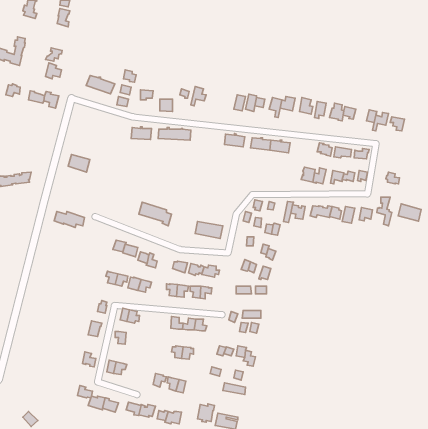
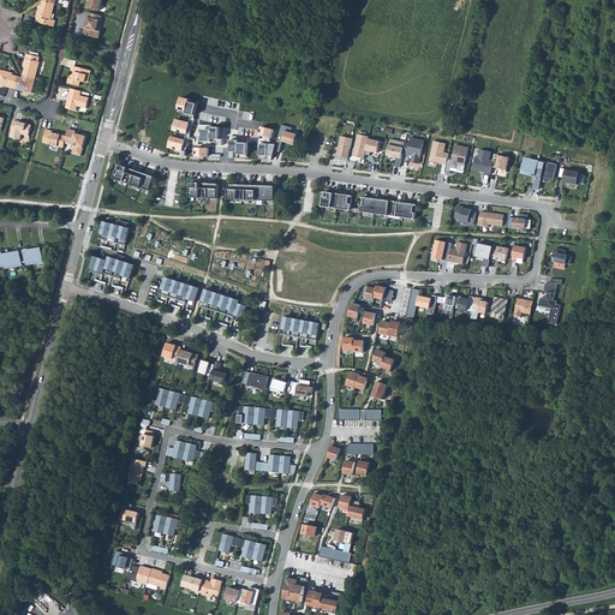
building: [86,75,115,94] -> [112,165,153,191]
building: none -> [159,277,198,303]
building: [398,204,421,221] -> none
building: [54,212,85,228] -> [89,257,132,280]

